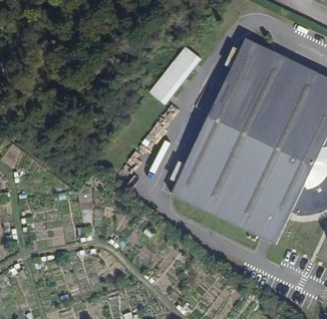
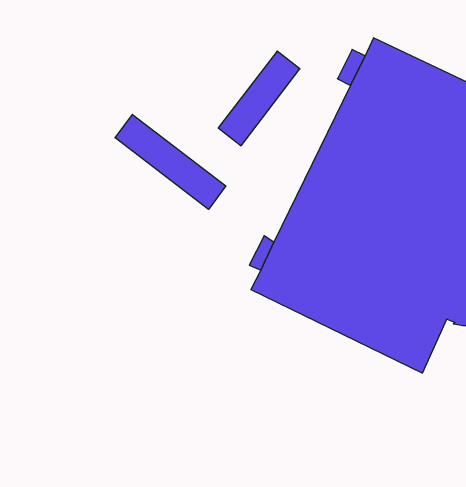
building: none -> [115,114,226,209]

